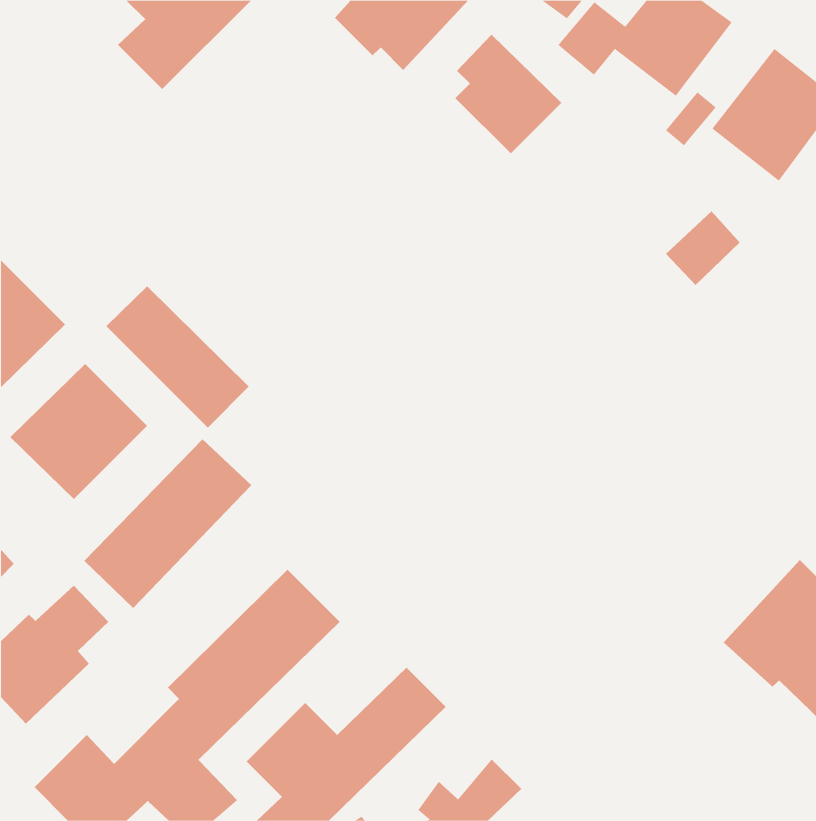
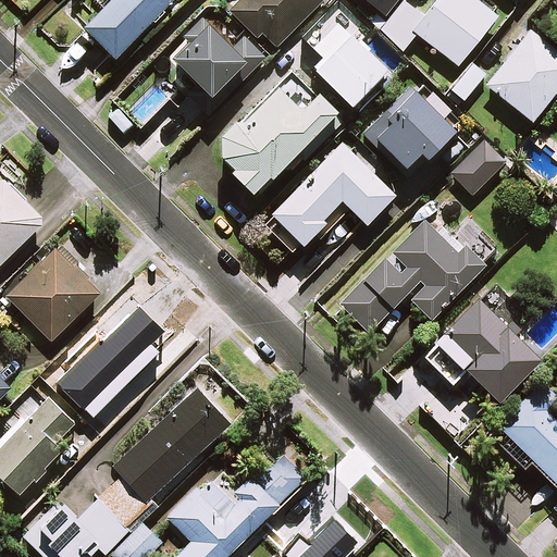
building: none -> [172,21,265,119]
building: none -> [214,73,344,195]
building: none -> [362,87,455,180]
building: none -> [269,146,392,248]
building: [106,285,250,429] -> none
building: none -> [337,220,480,336]
building: none -> [431,300,535,404]

